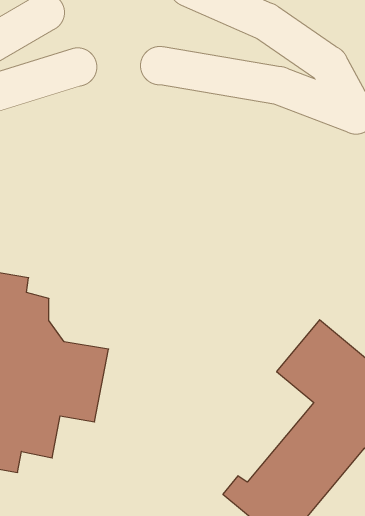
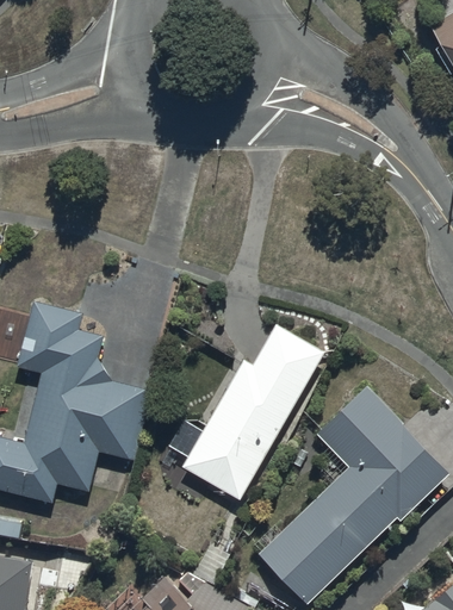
building: none -> [182,324,327,499]

